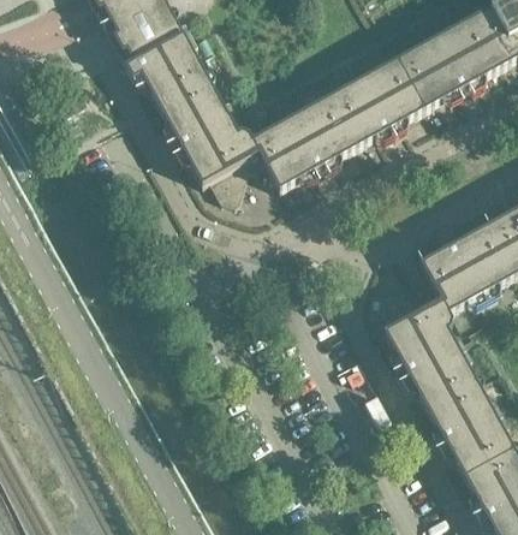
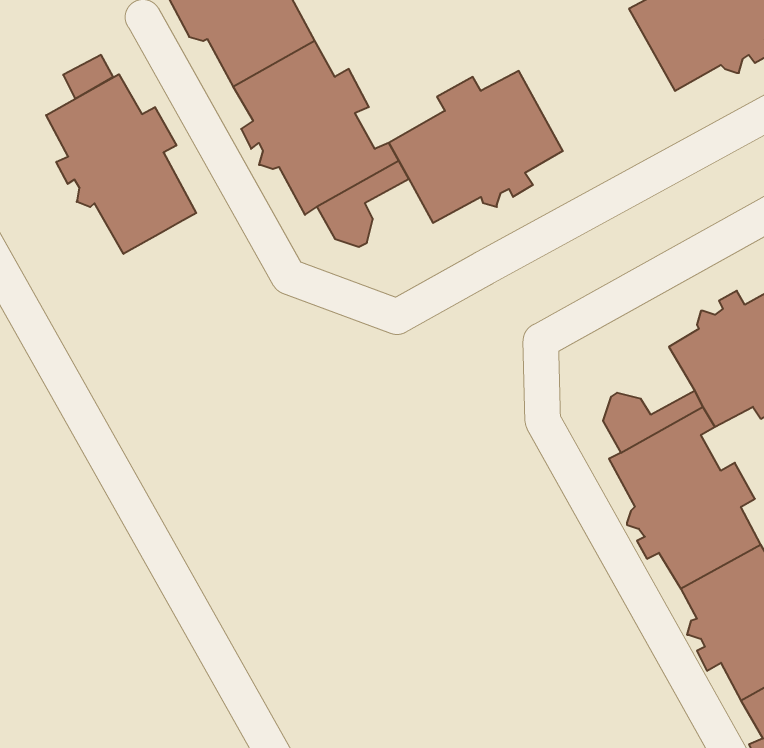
building: [331,59,424,144] -> none
building: none -> [46,74,196,254]

